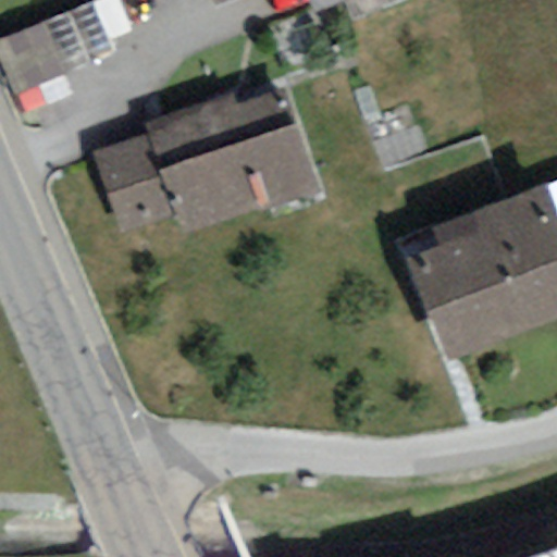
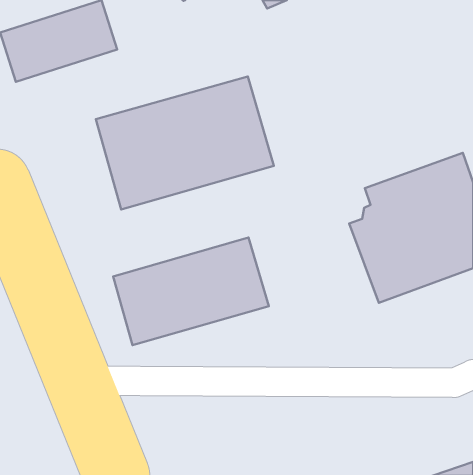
building: none -> [113,237,269,345]

